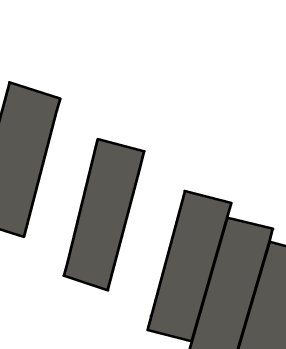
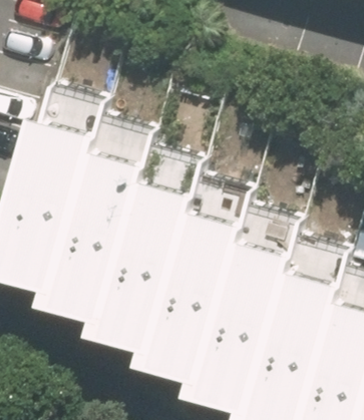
building: none -> [42,140,135,318]
building: none -> [139,203,237,379]

